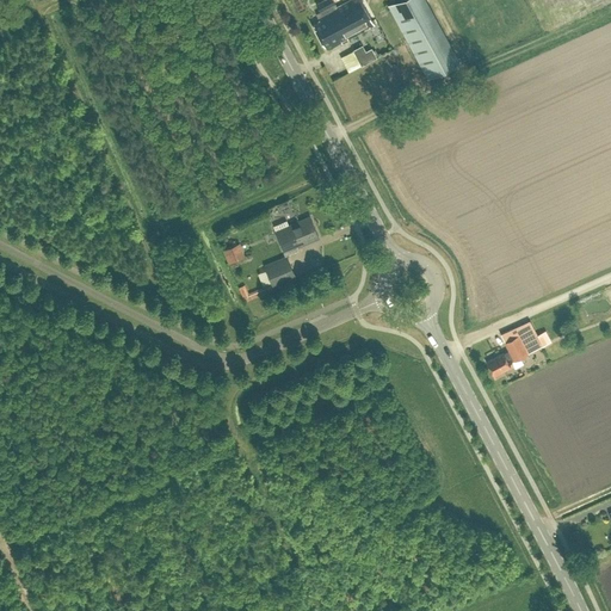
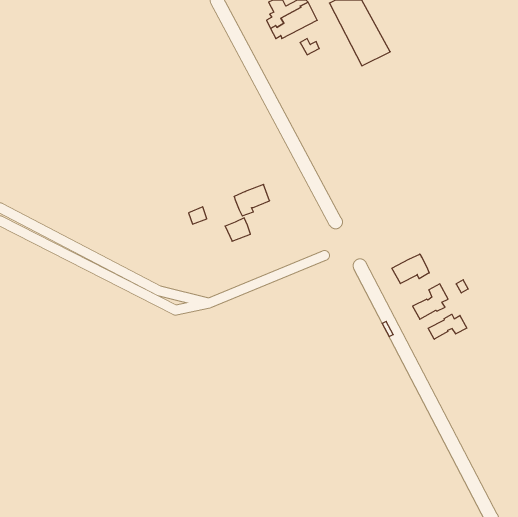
building: none -> [392,254,429,284]
building: none -> [428,314,467,339]

